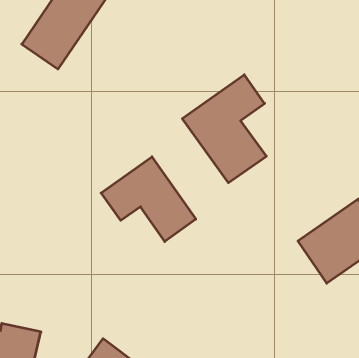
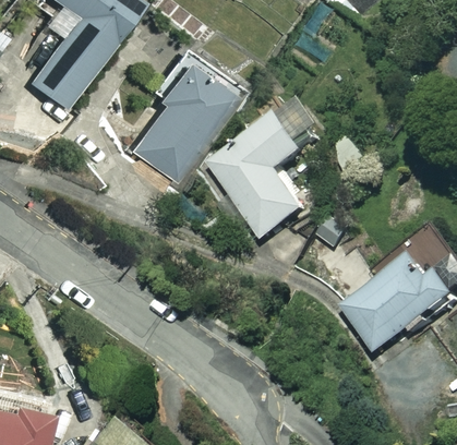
building: none -> [128,53,229,177]
building: [101,157,196,242] -> none

